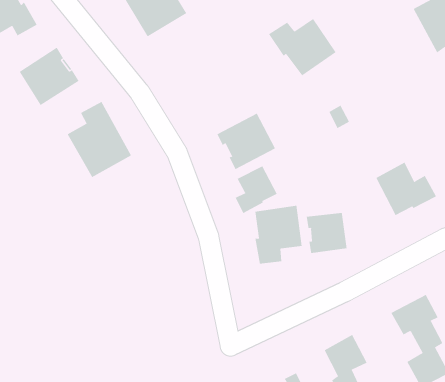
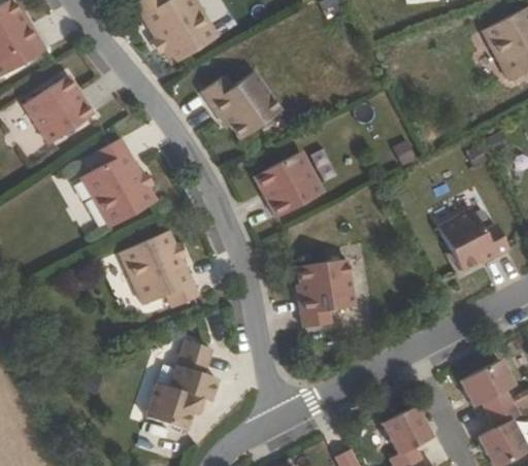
building: [268,18,336,76] -> [202,71,282,138]
building: [235,166,278,214] -> none
building: none -> [121,230,199,308]
building: [306,212,347,254] -> none
building: none -> [146,340,218,430]

